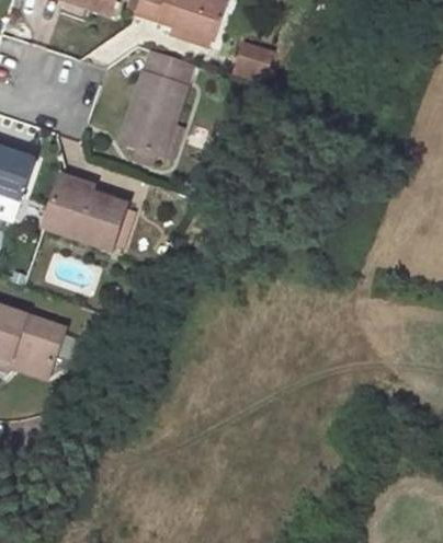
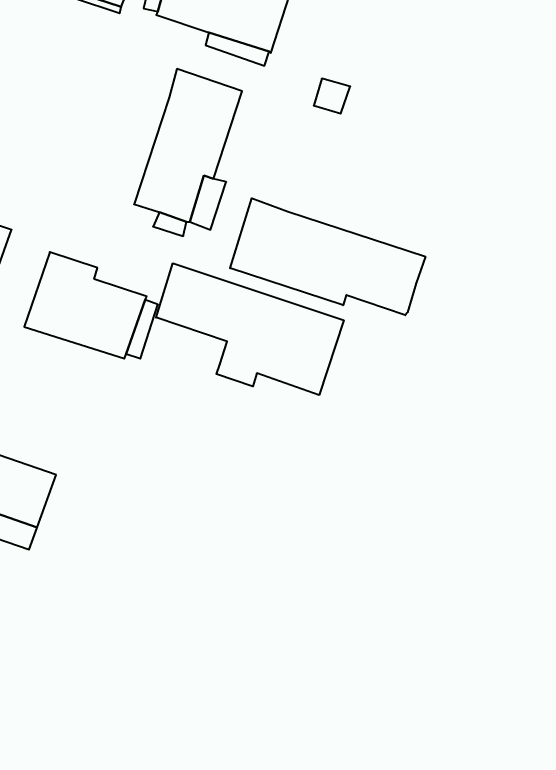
building: none -> [230,198,425,315]
building: none -> [156,263,344,395]

